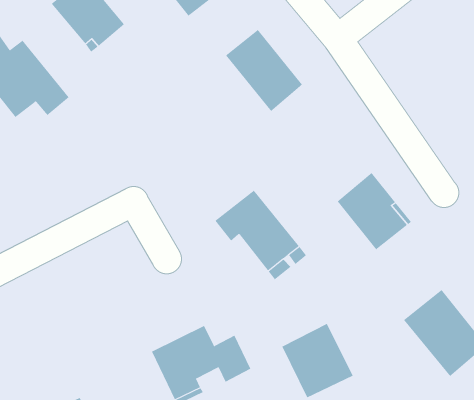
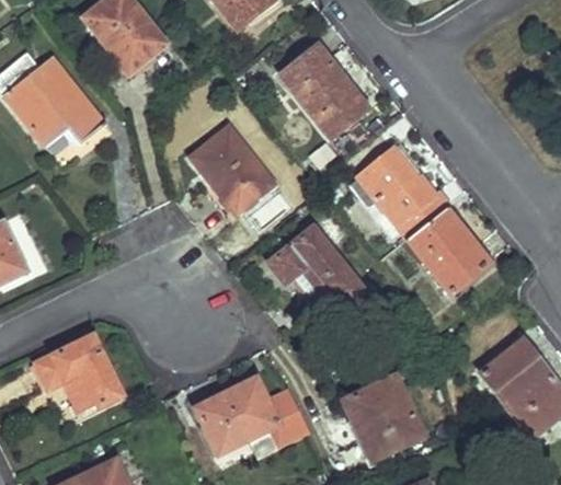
building: none -> [190,127,273,213]
building: none -> [356,148,449,239]
building: none -> [34,335,121,415]

